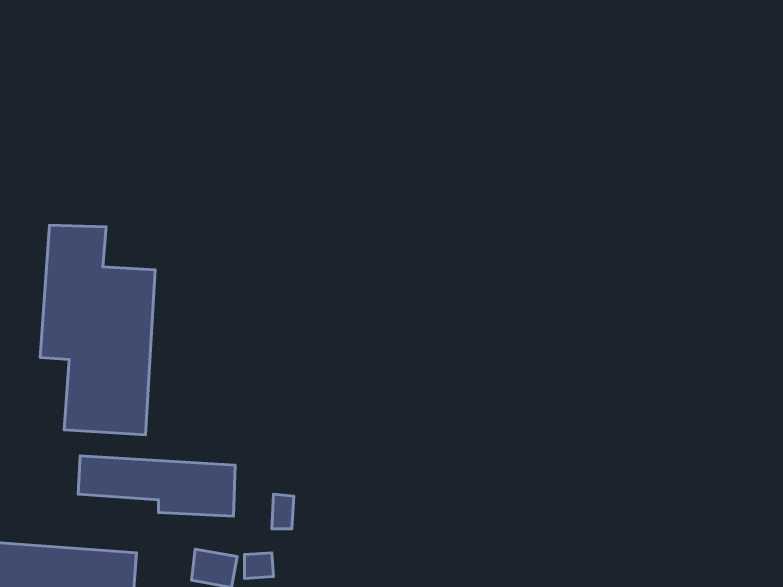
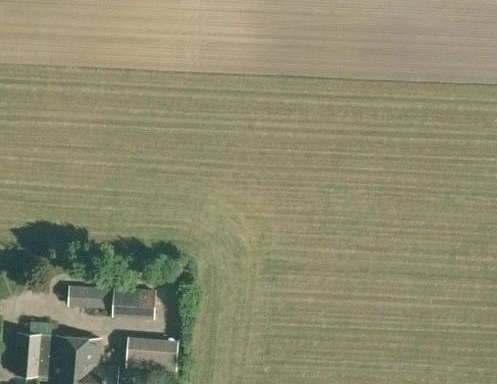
building: [40,225,155,435] -> none

